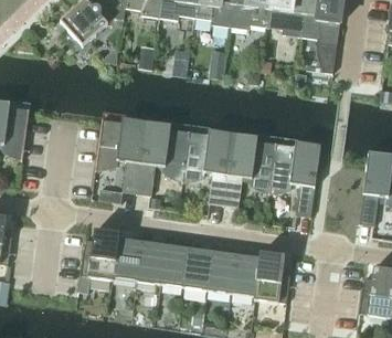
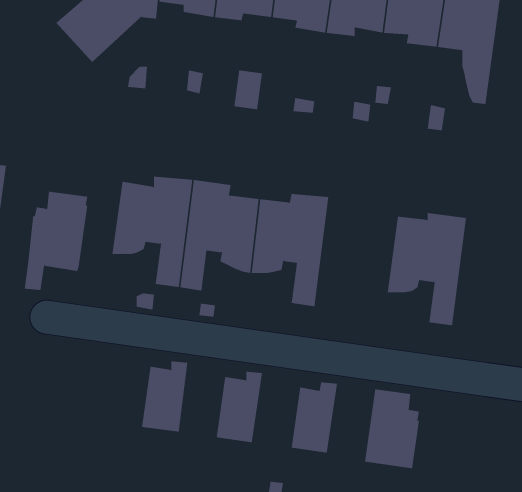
building: [224,130,276,202] -> none
building: [78,229,119,292] -> [24,191,88,291]
building: [138,235,167,283] -> none
building: [184,242,214,289] -> none
building: [232,249,262,298] -> none

